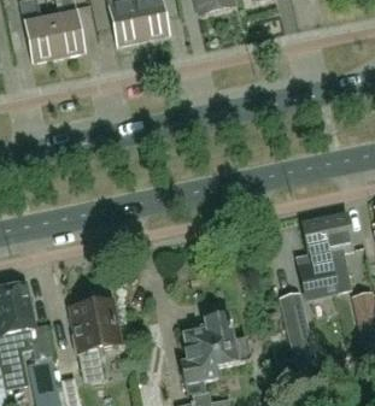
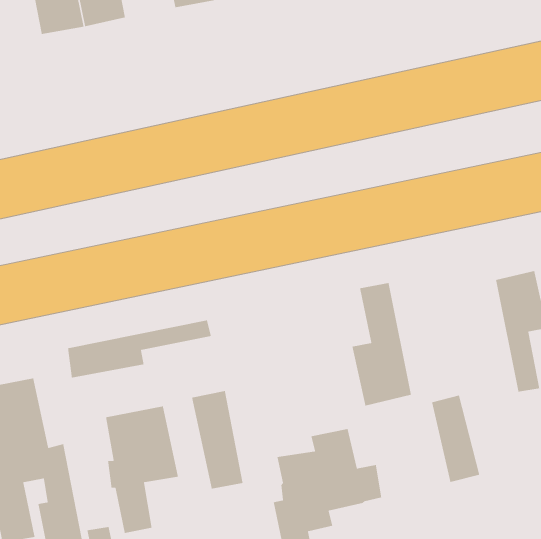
building: [297,218,335,298] -> [352,282,412,406]
building: none -> [67,320,212,378]
building: none -> [191,390,244,489]

